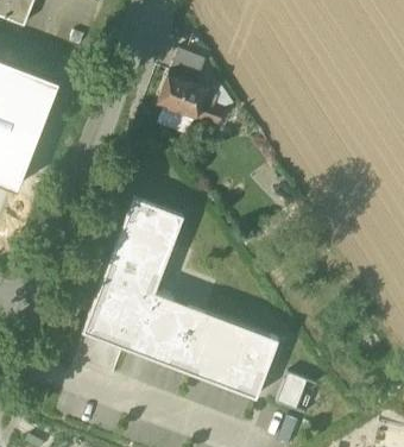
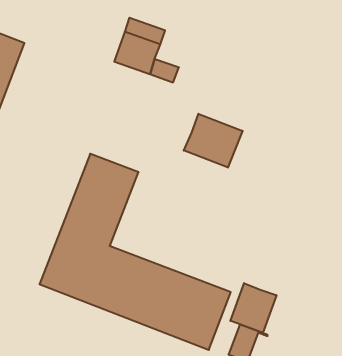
building: none -> [184,114,243,168]
building: none -> [230,283,276,333]

